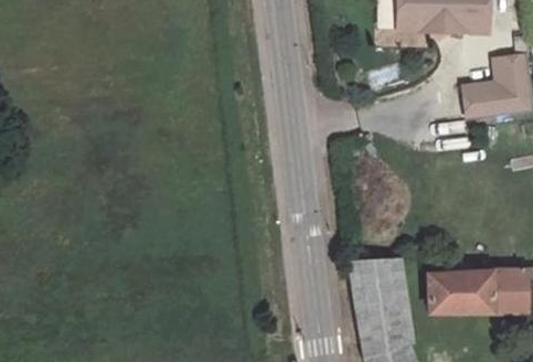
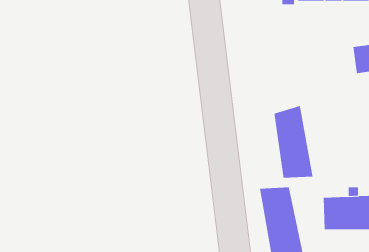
building: none -> [274,105,313,178]

